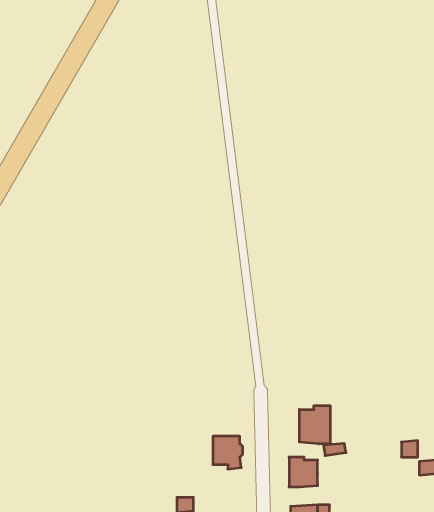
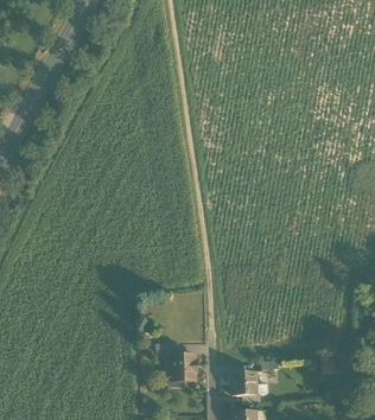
building: [299,406,330,444] -> none

